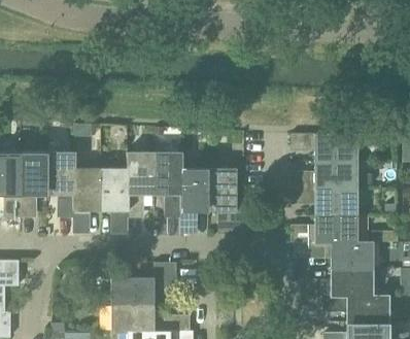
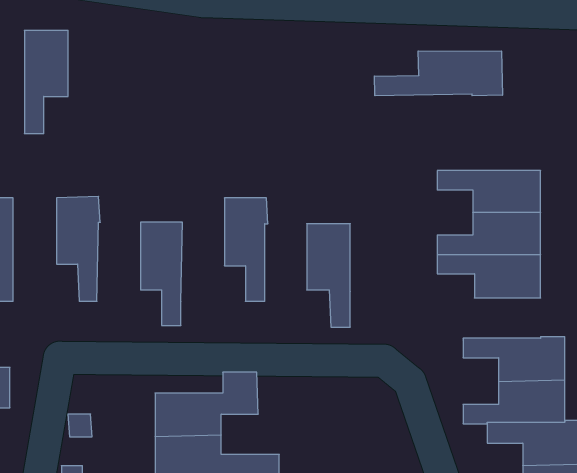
building: none -> [374,51,502,96]
building: [20,151,47,217] -> [24,30,68,134]
building: [126,151,155,217] -> none
building: [72,167,101,233] -> none
building: [179,168,207,233] -> none
building: [291,215,356,242] -> none

